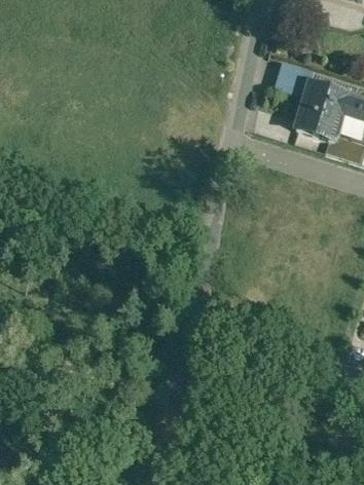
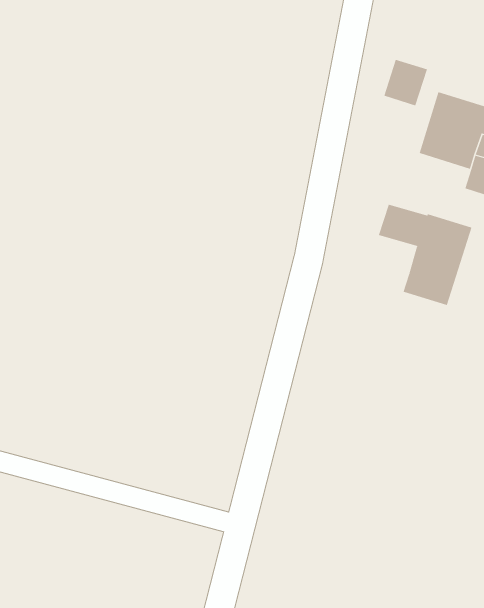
building: none -> [378,204,472,306]

